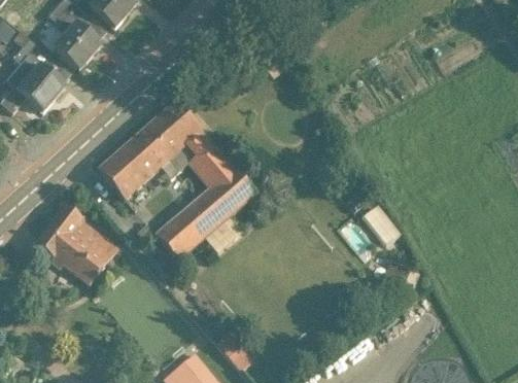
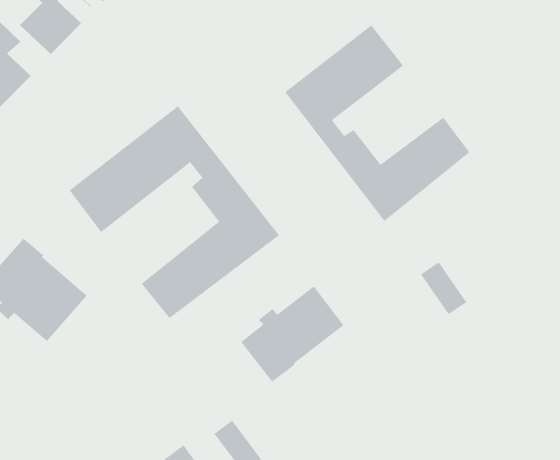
building: none -> [284,24,470,222]
building: none -> [240,286,344,383]

